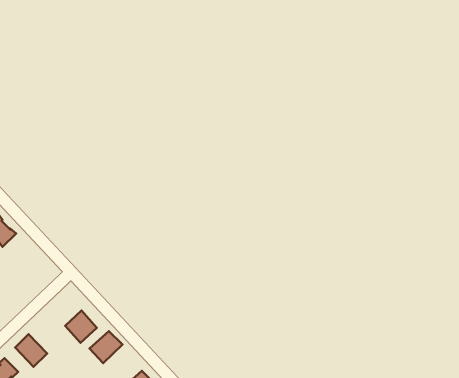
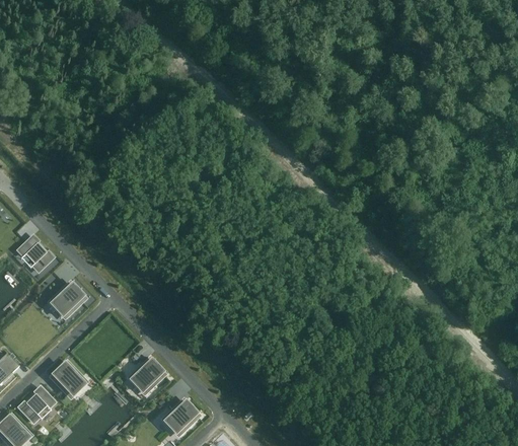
building: none -> [51,283,85,316]
building: [65,311,97,343] -> none

